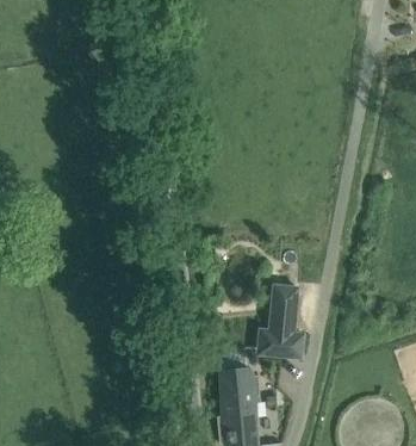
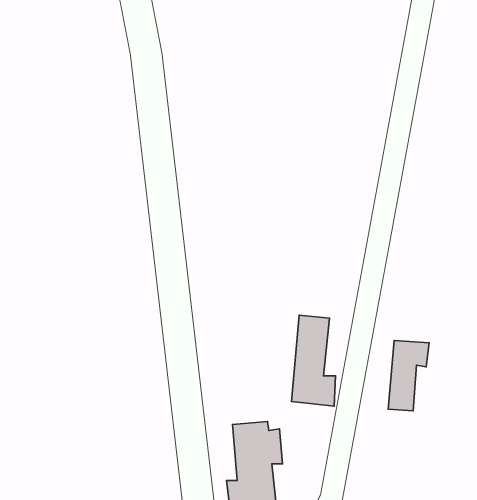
building: none -> [388,340,429,411]

